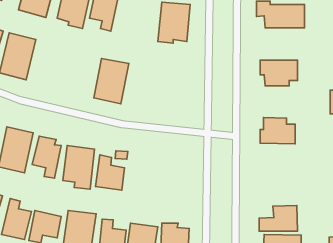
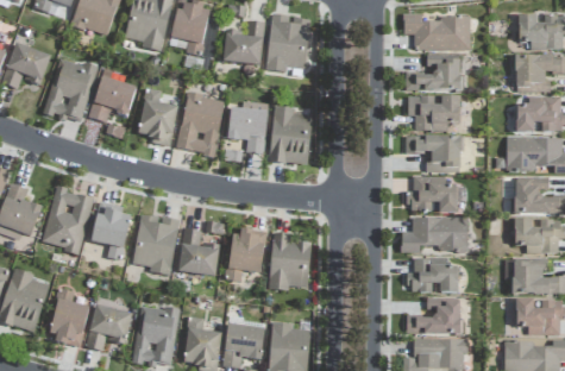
building: none -> [224,20,264,63]
building: none -> [404,55,460,90]
building: none -> [89,76,136,121]
building: none -> [137,88,176,143]
building: none -> [228,101,268,153]
building: none -> [270,106,312,164]
building: none -> [404,134,460,172]
building: none -> [401,216,467,252]
building: none -> [226,228,265,281]
building: none -> [269,233,310,290]
building: none -> [408,257,458,293]

